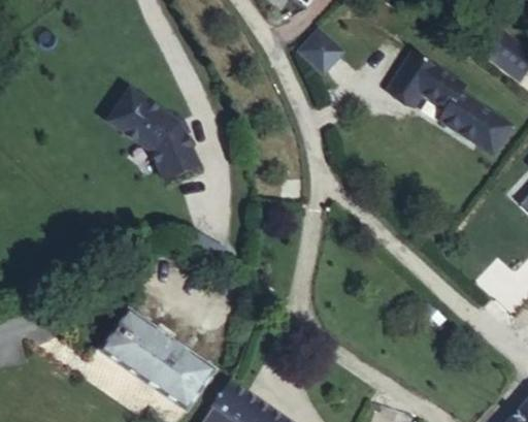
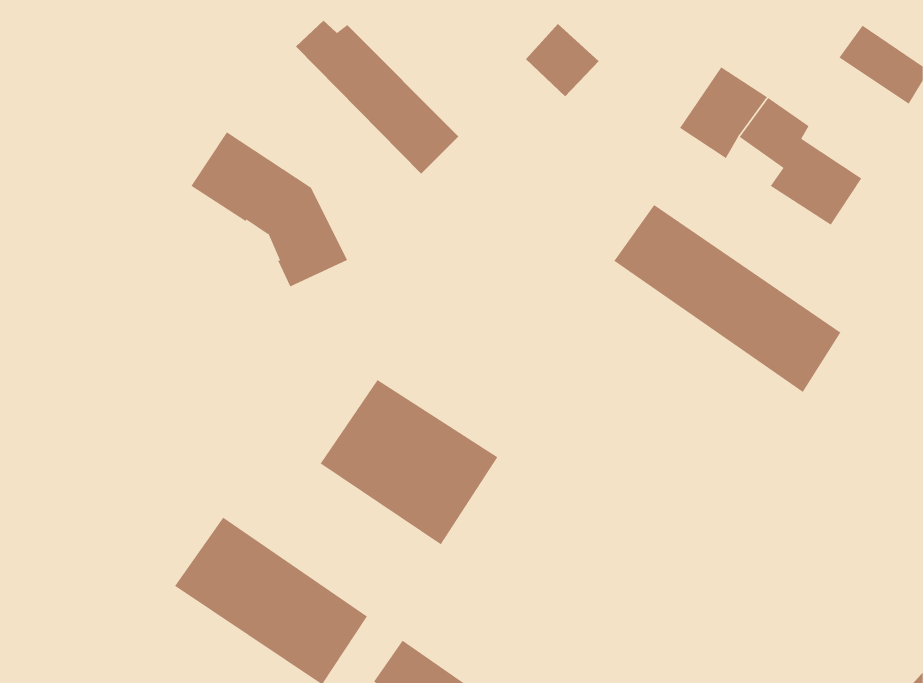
building: none -> [295,20,459,175]
building: none -> [613,204,841,393]
building: none -> [320,379,498,545]

